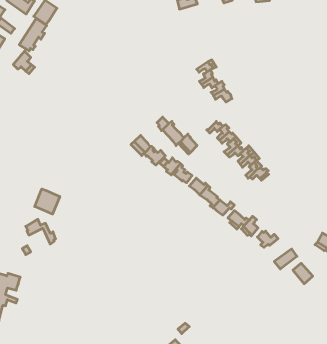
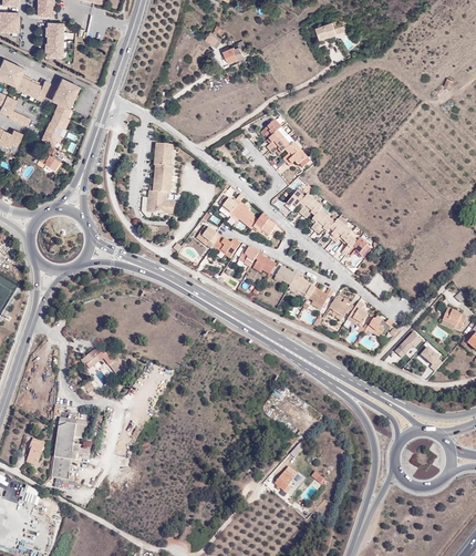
building: none -> [142,144,175,218]
building: [35,189,60,214] -> none

